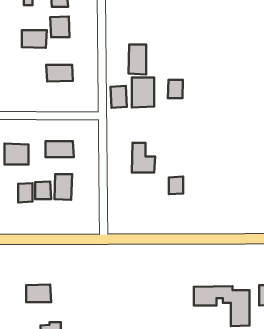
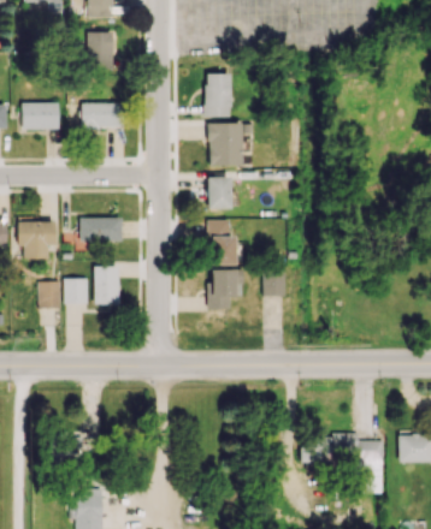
building: [22,30,47,48] -> [22,103,59,130]
building: [168,80,183,98] -> none
building: [111,86,127,108] -> [206,177,230,209]
building: none -> [208,269,243,309]

